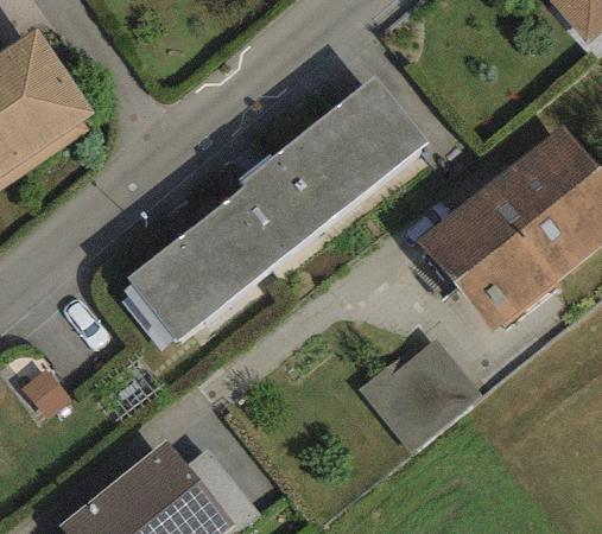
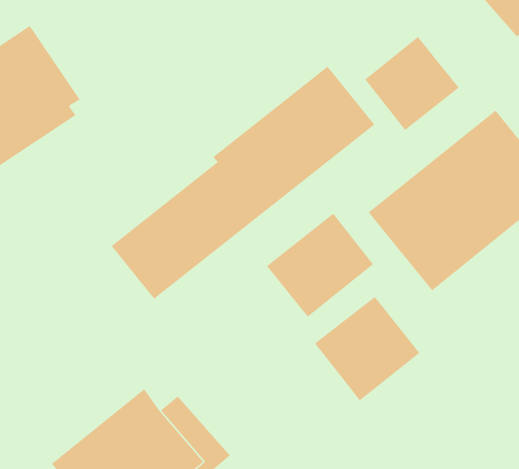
building: none -> [364,36,459,131]
building: none -> [266,213,374,318]

